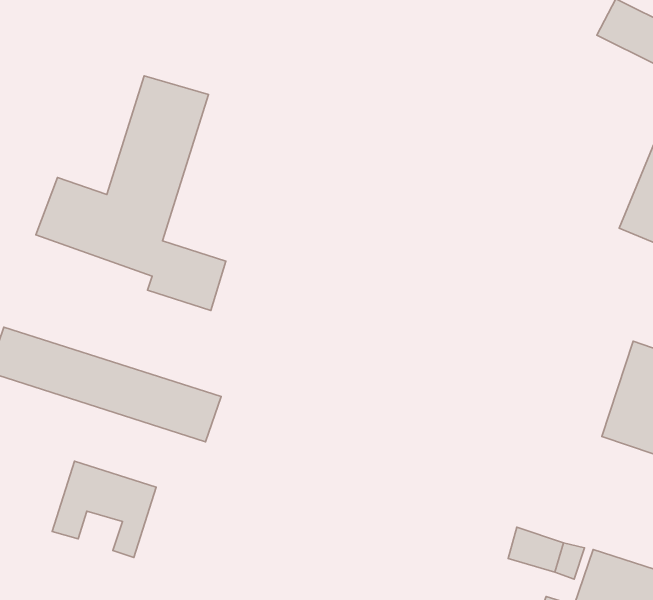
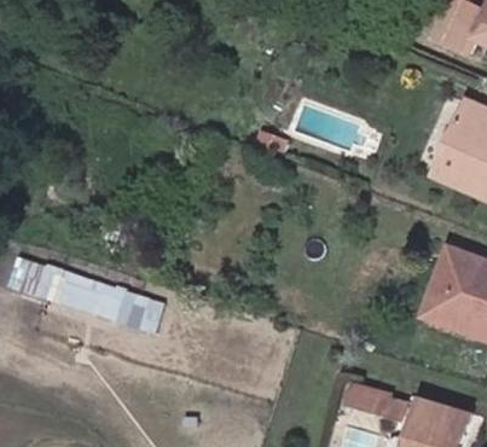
building: [36,76,226,310] -> none
building: [52,461,156,558] -> none

